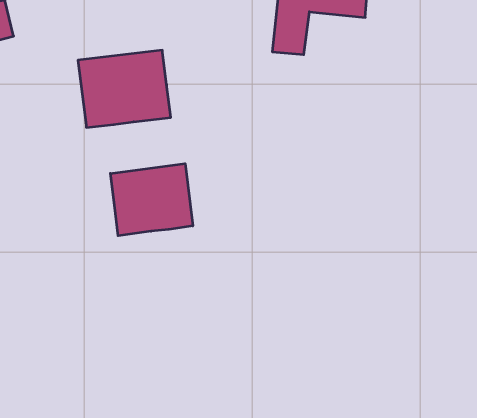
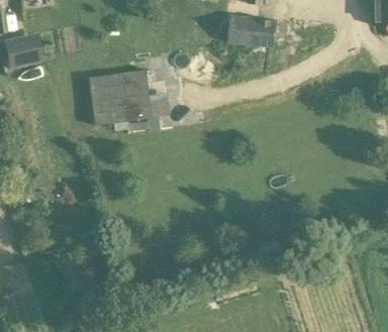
building: [110,164,193,236] -> none

